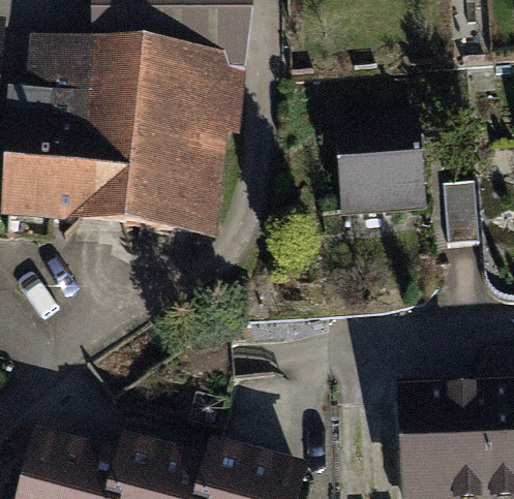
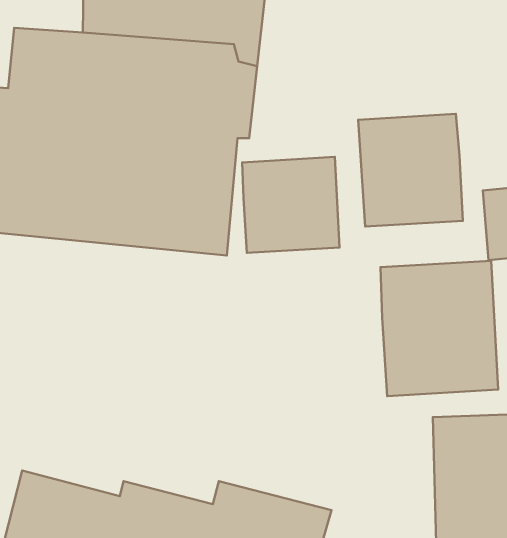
building: none -> [242,157,340,253]
building: none -> [380,261,498,396]

